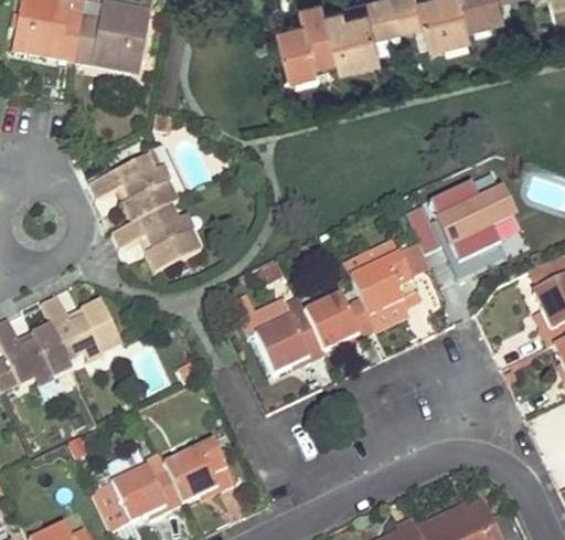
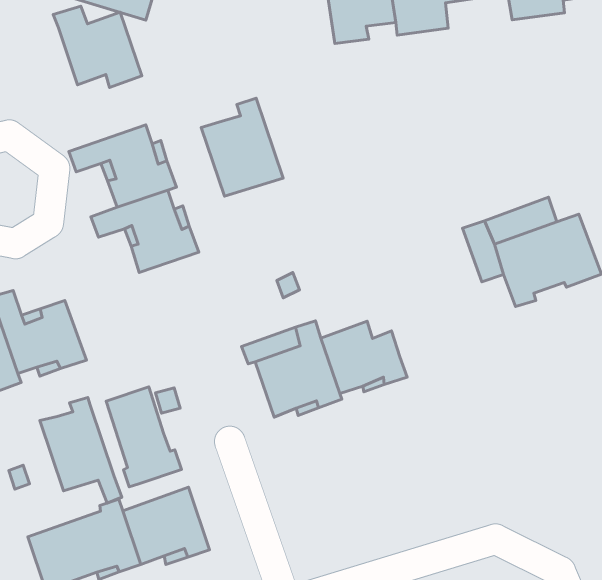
building: none -> [53,6,142,87]
building: none -> [201,98,283,196]
building: [342,240,430,332] -> none
building: none -> [106,387,181,487]
building: none -> [40,398,122,503]

